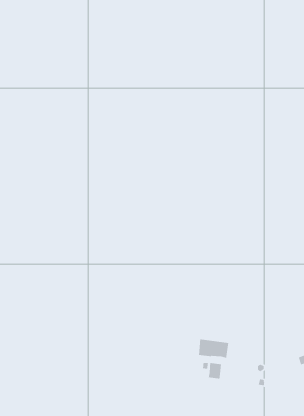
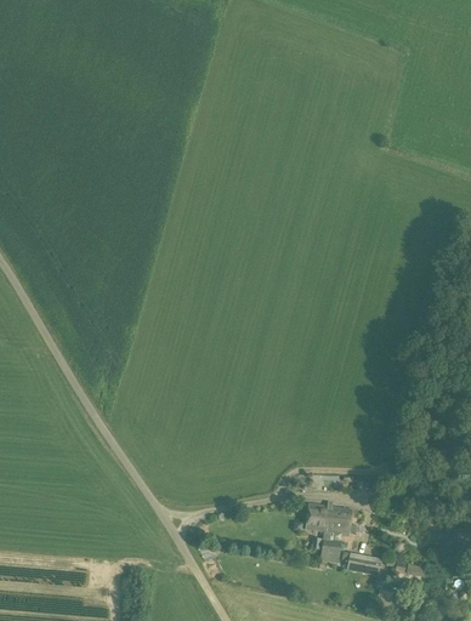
building: none -> [341,552,381,576]

